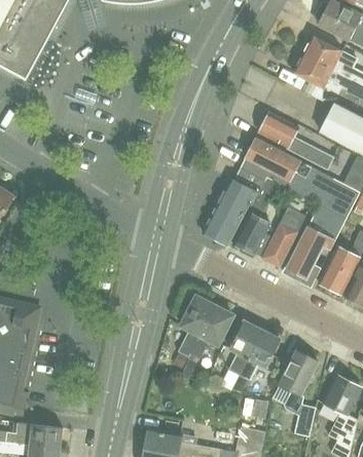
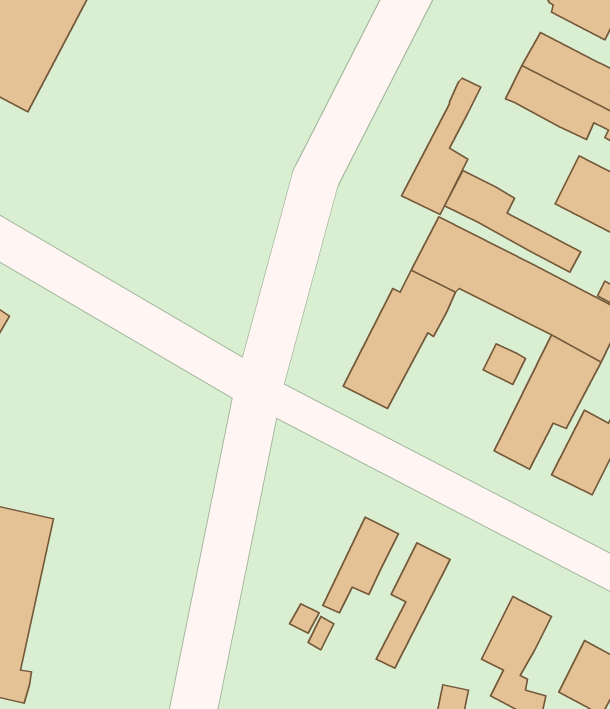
building: [232,178,277,254] -> [401,78,481,214]
building: [262,223,296,265] -> none
building: [178,296,214,356] -> none
building: [230,329,280,391] -> none

